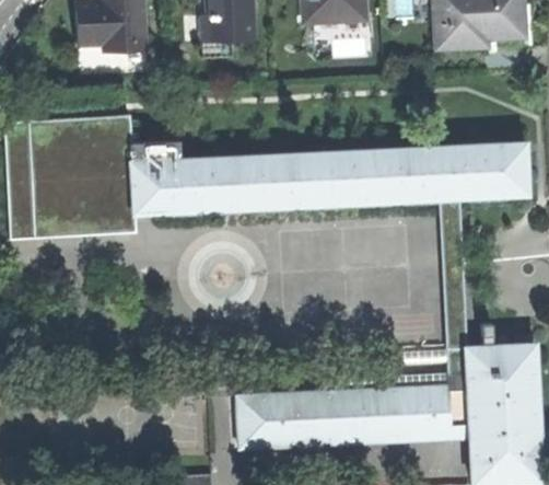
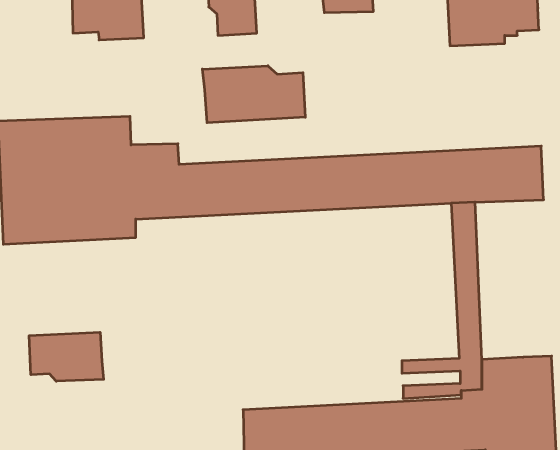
building: none -> [202,66,305,123]
building: none -> [29,332,104,381]

